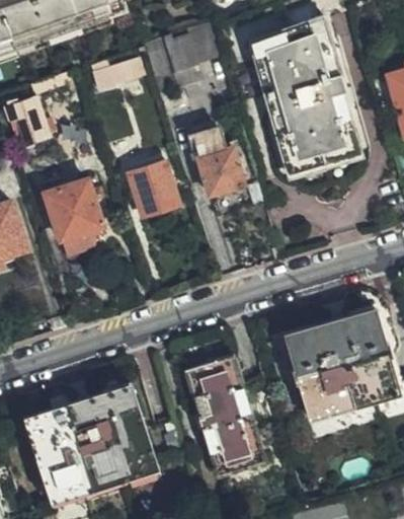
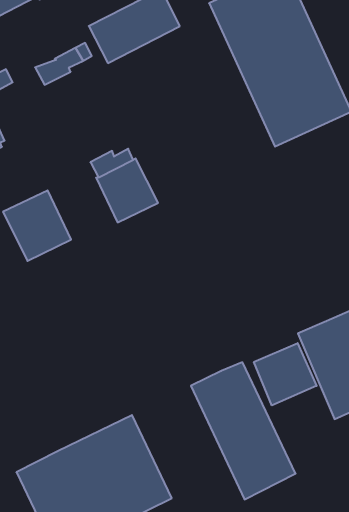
building: [190,130,243,195] -> none
building: none -> [254,343,317,405]

